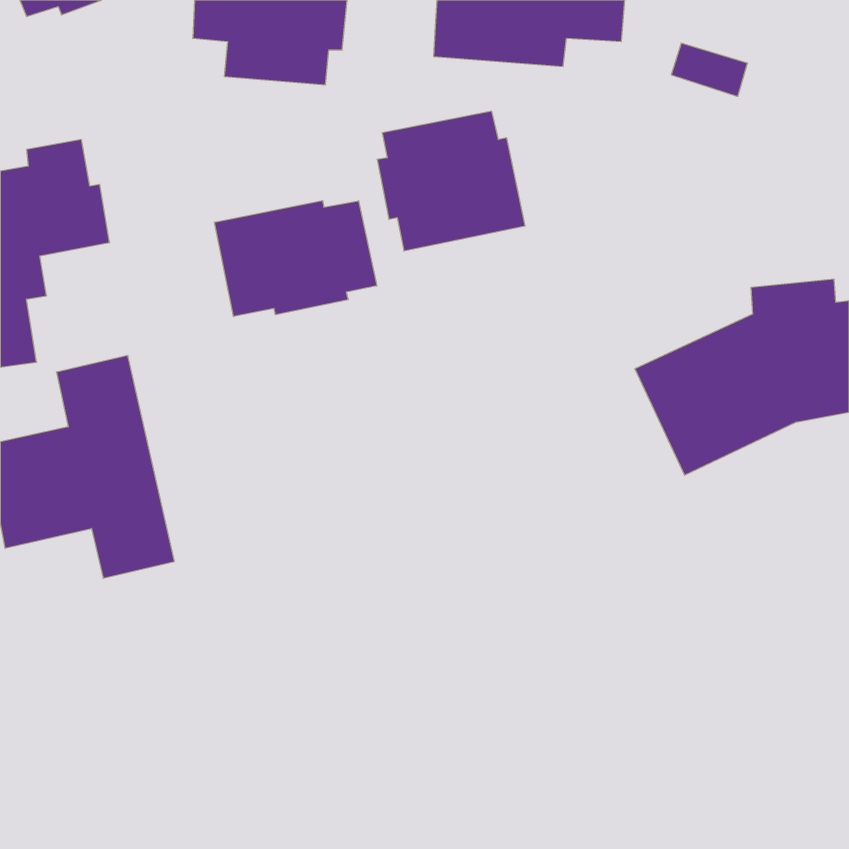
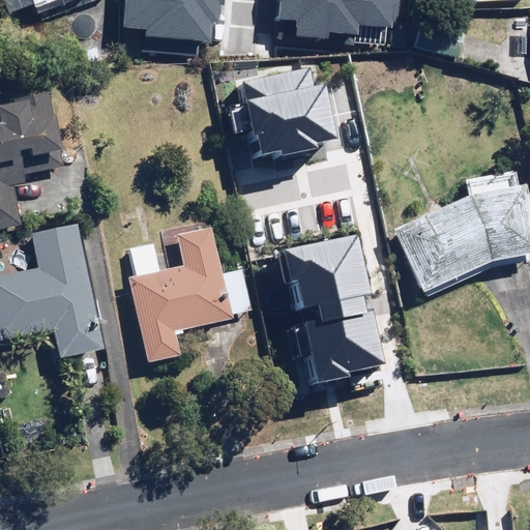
building: [215,201,377,317] -> none
building: none -> [126,228,254,360]
building: none -> [273,236,376,383]

